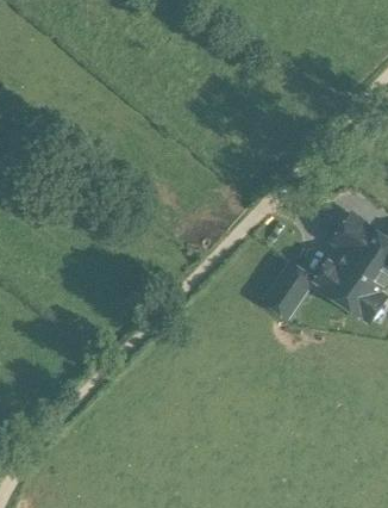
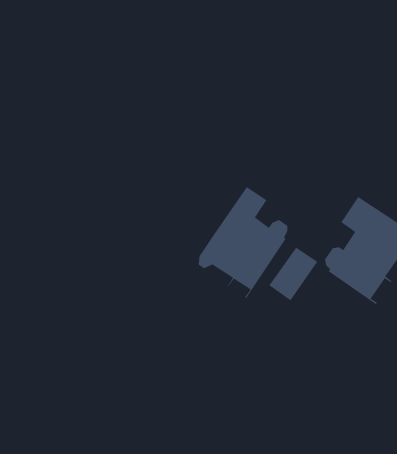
building: none -> [198,186,288,299]

